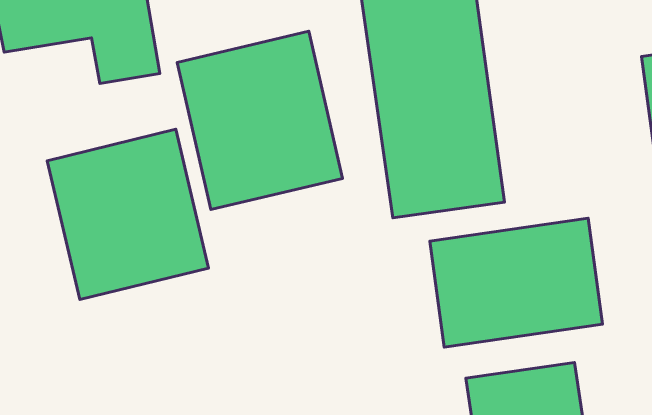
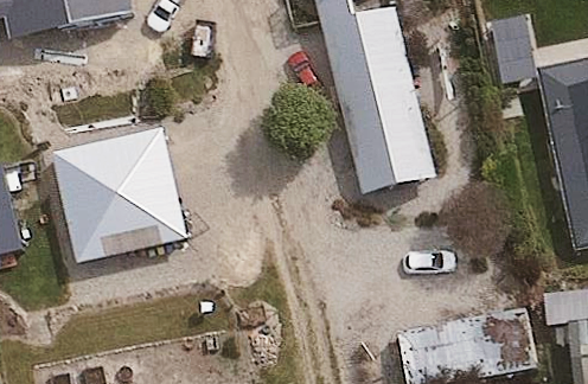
building: [177,31,343,210] -> none
building: [430,218,602,347] -> none

